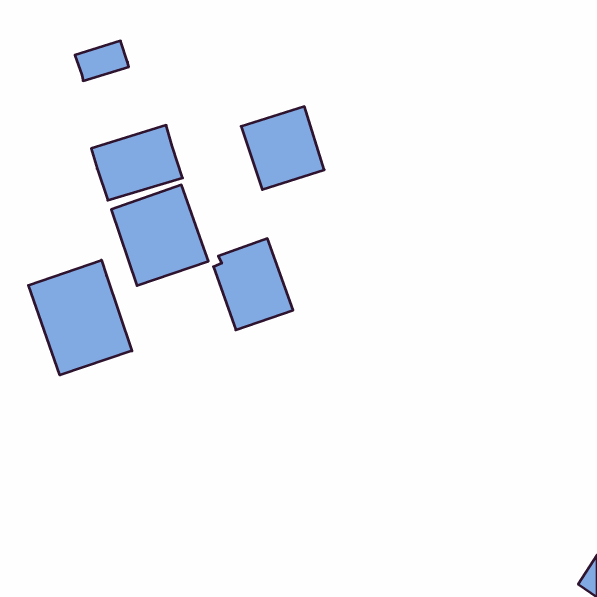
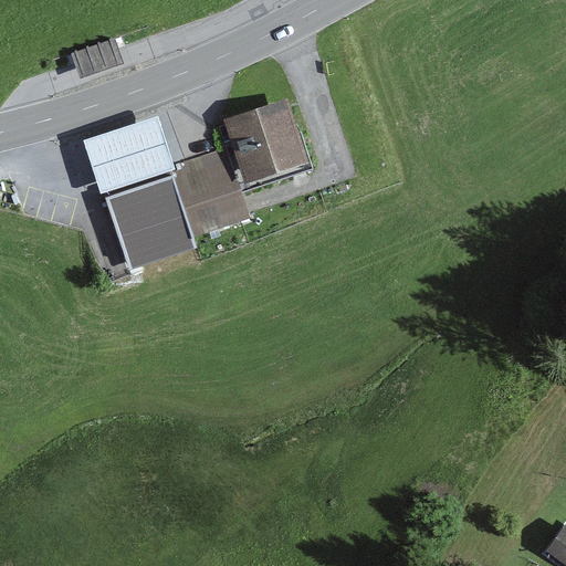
building: [213,239,293,330] -> [171,148,247,234]
building: [28,260,132,375] -> none

